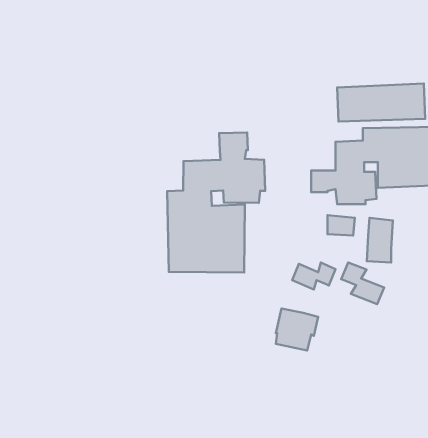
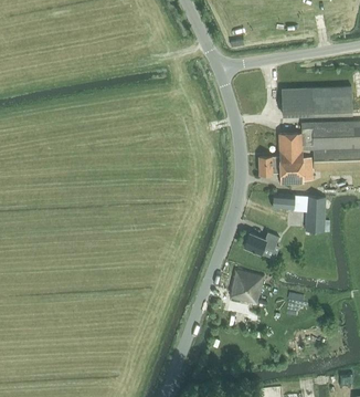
building: [167,132,265,272] -> none
building: [341,263,384,304] -> none

